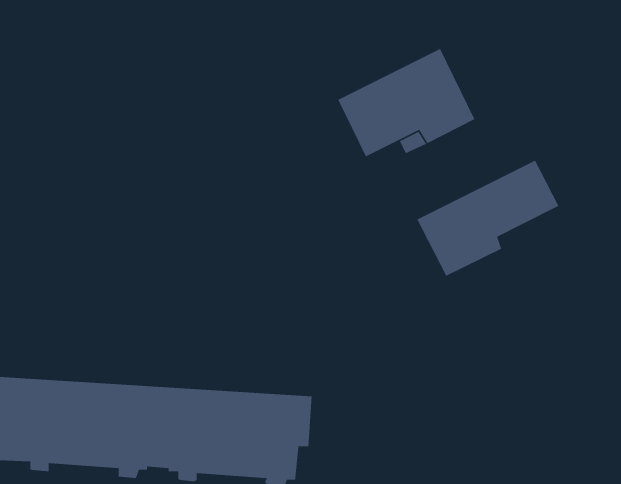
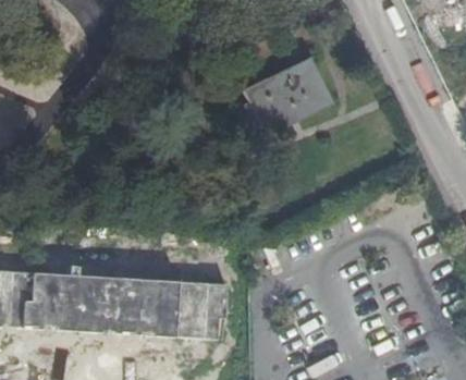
building: [416,160,560,277] -> none

